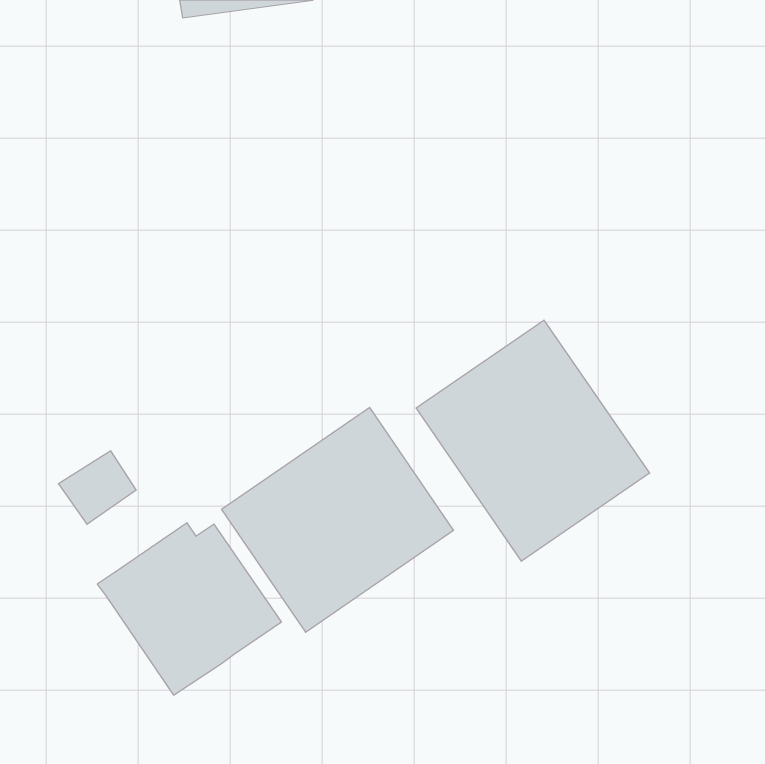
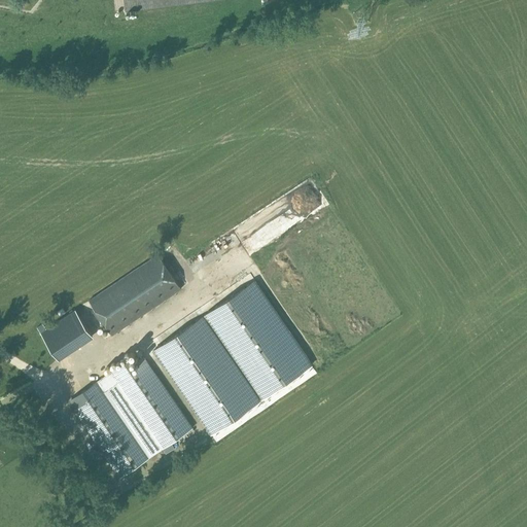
building: [416,320,650,561] -> none
building: none -> [89,255,181,336]

